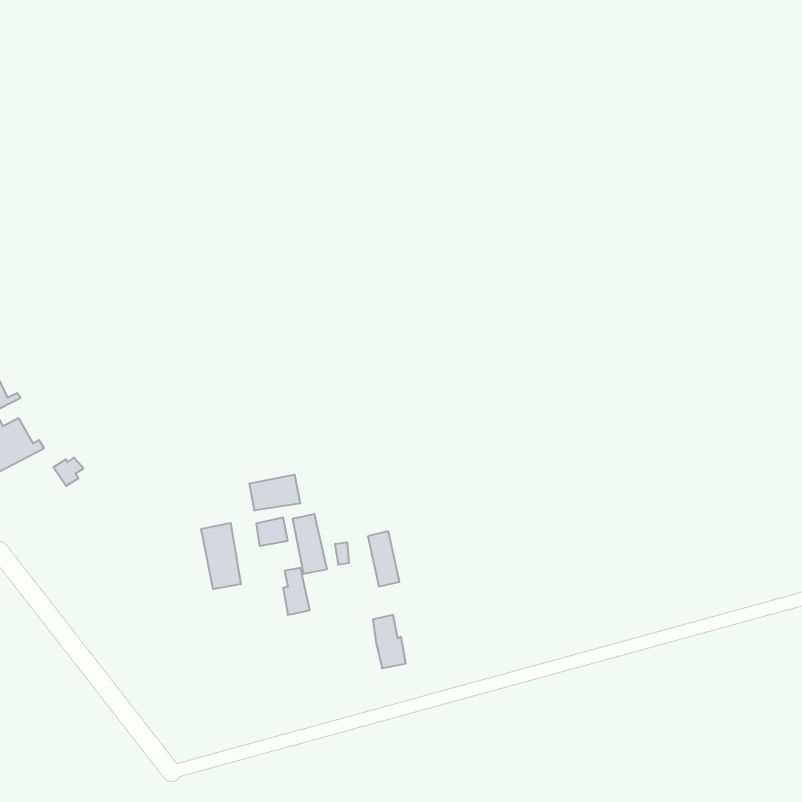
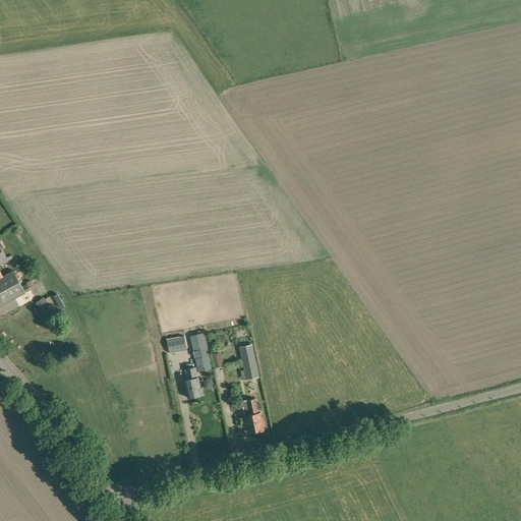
building: [249,474,300,511] -> none
building: [201,523,241,589] -> none

